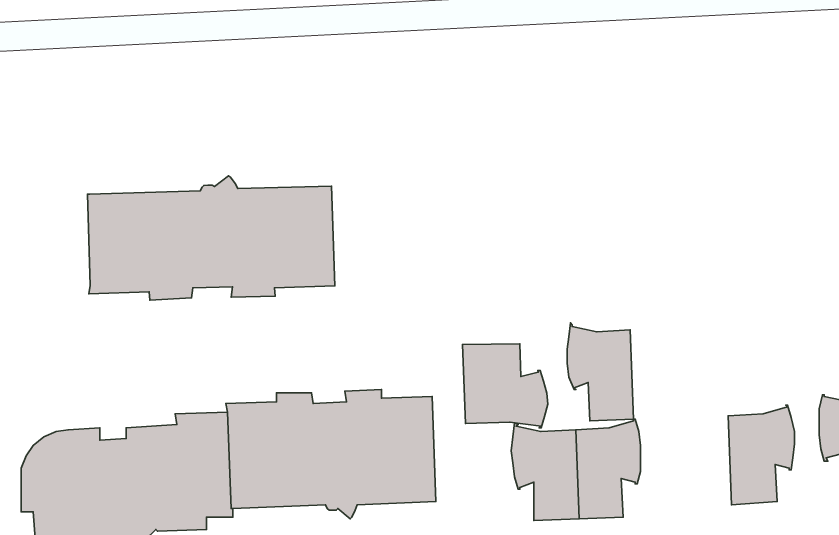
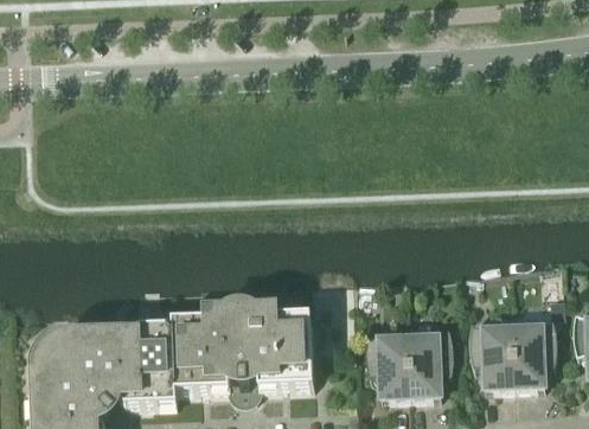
building: [88,176,335,300] -> none
building: [567,323,634,421] -> [468,318,513,384]
building: [463,344,548,428] -> none

